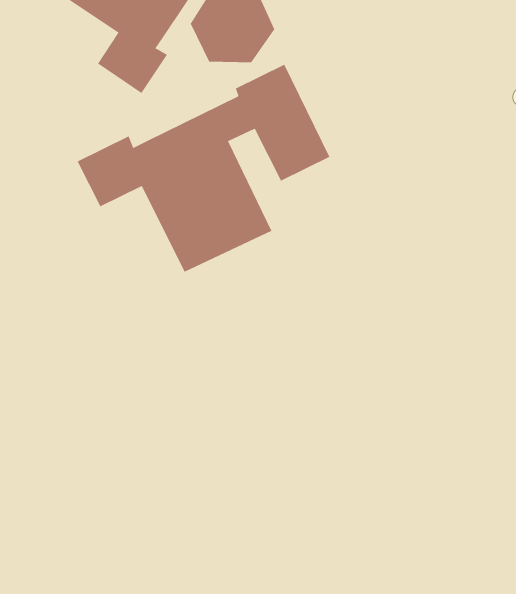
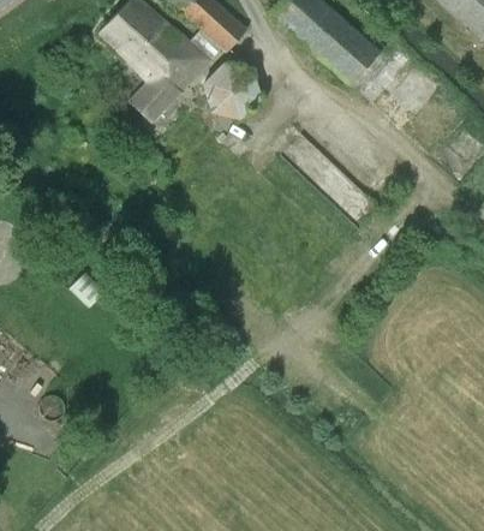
building: [77,64,330,273] -> none

